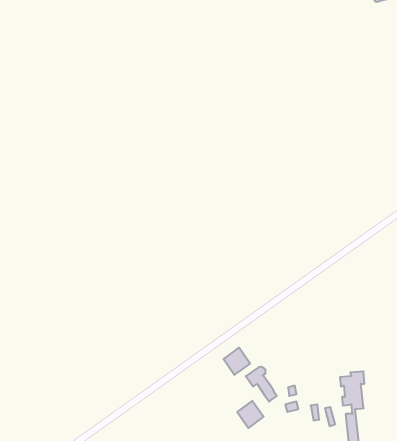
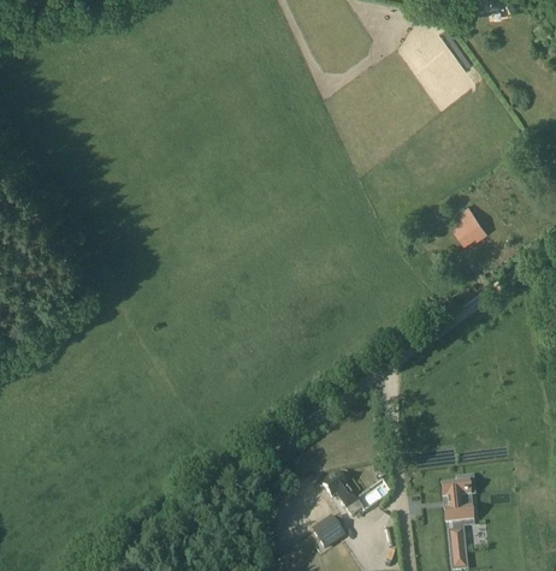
building: none -> [453,206,485,242]
building: [223,348,250,375] -> none

